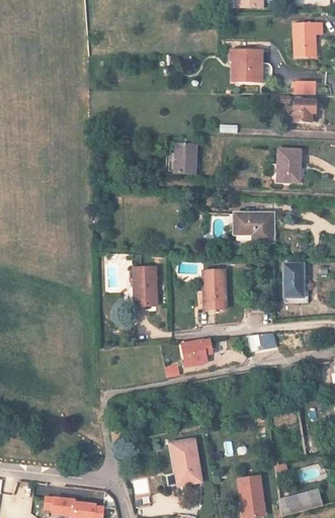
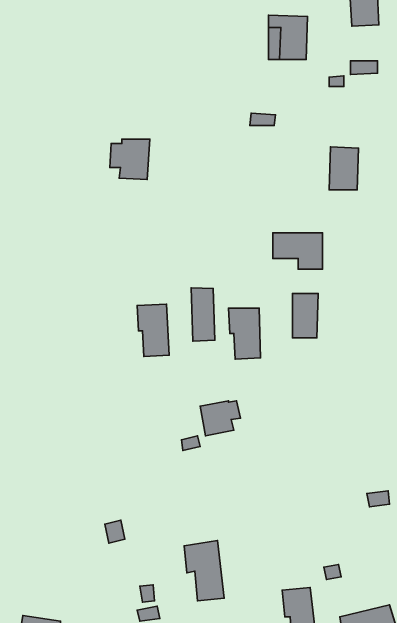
building: [287,98,314,118] -> none
building: [166,144,196,174] -> [110,139,150,180]
building: none -> [191,288,215,341]
building: [283,263,303,296] -> [293,294,318,338]

